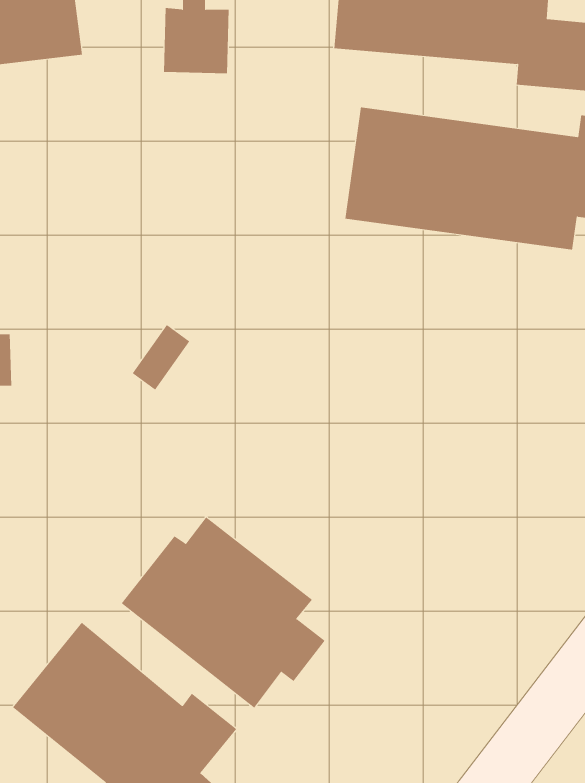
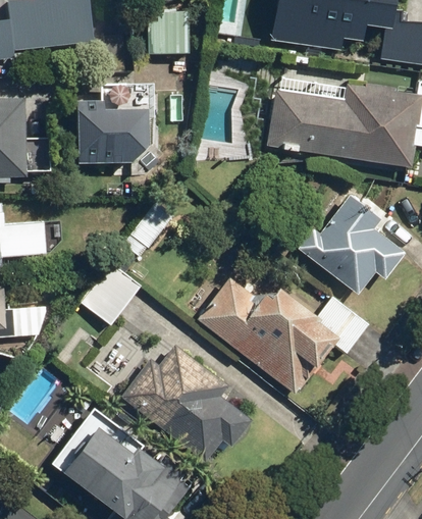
building: none -> [77,99,168,160]
building: none -> [298,193,405,295]
building: none -> [80,261,143,327]
building: none -> [197,273,368,393]

